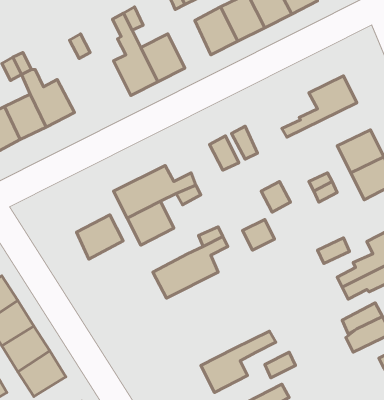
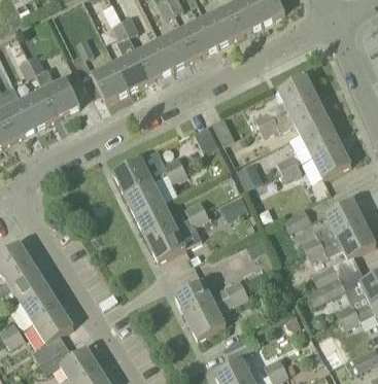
building: none -> [159,28,195,68]
building: none -> [92,62,128,102]
building: none -> [259,97,329,136]
building: [77,215,123,259] -> [136,202,175,239]
building: none -> [175,279,244,317]

